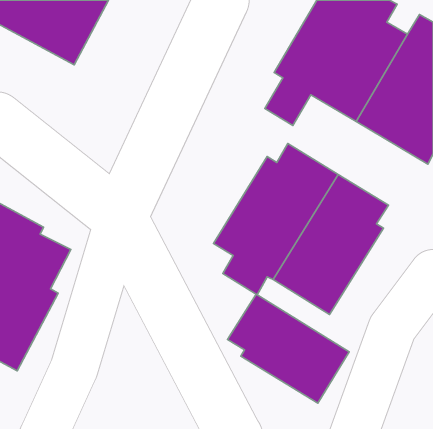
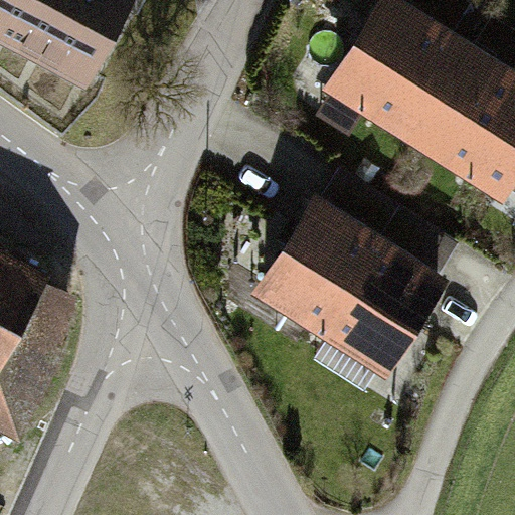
building: [228,294,349,403] -> none

